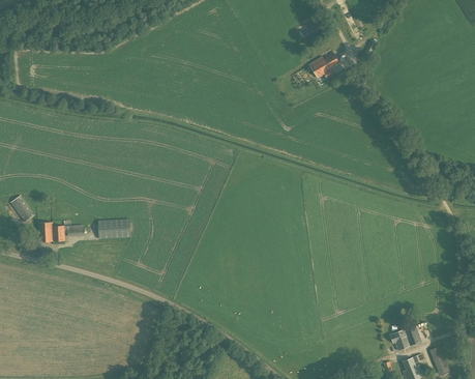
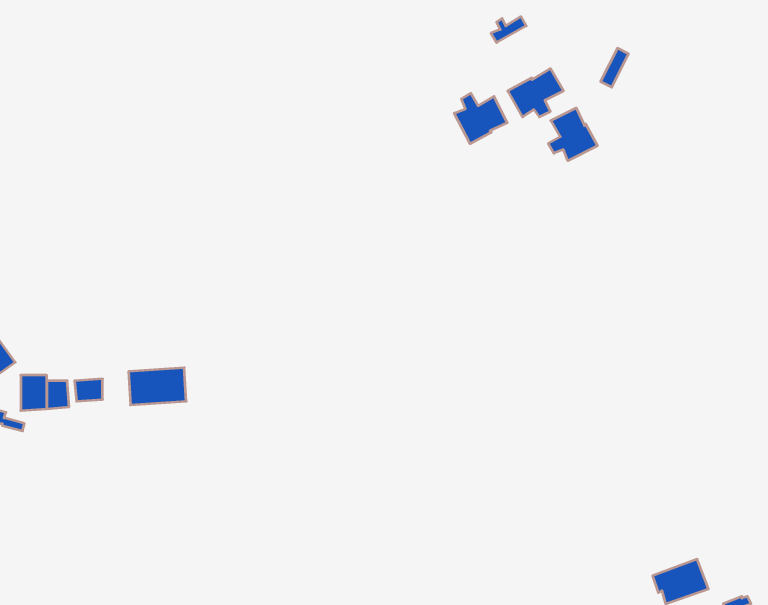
building: none -> [454,93,507,144]
building: none -> [548,108,597,161]

